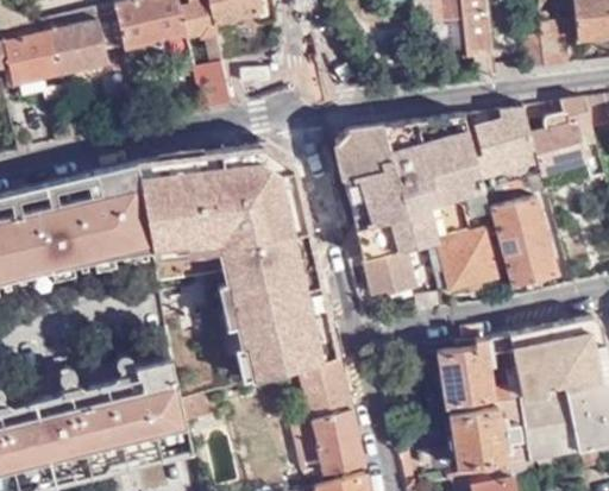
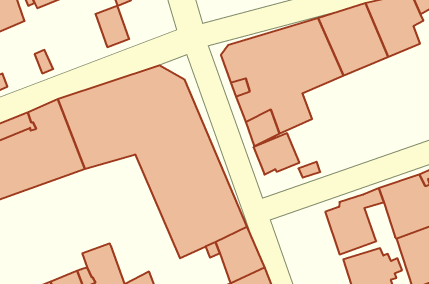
building: [490,199,558,288] -> none
building: [437,231,500,294] -> none

